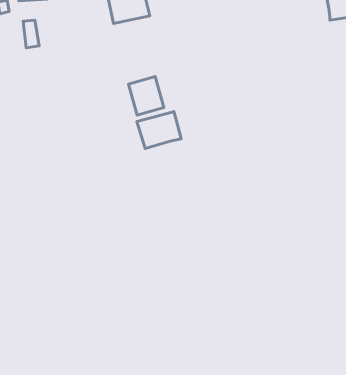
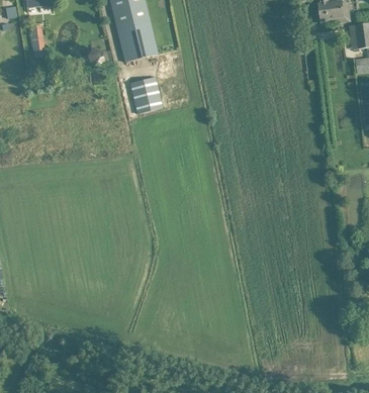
building: none -> [115,19,158,62]
building: [137,111,181,149] -> none

